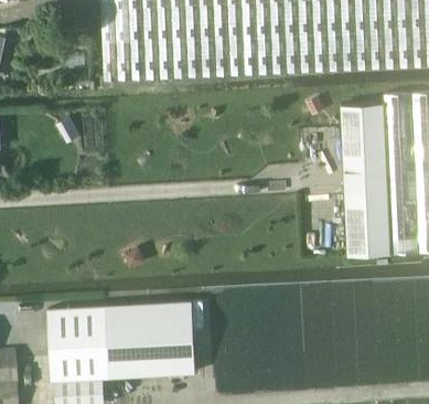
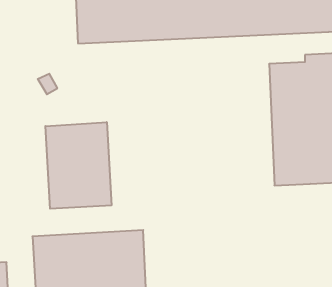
building: none -> [45,122,111,209]

